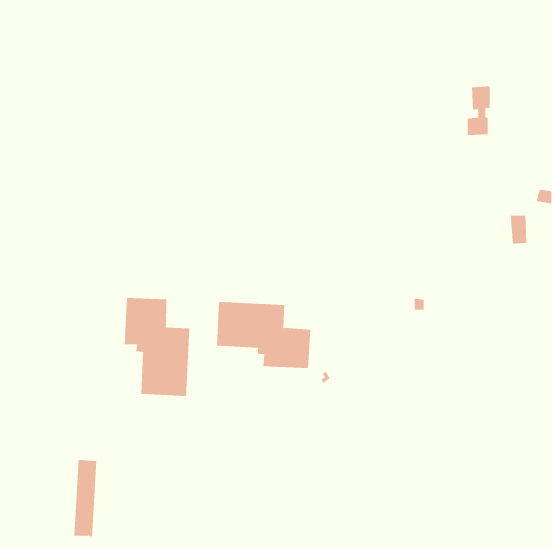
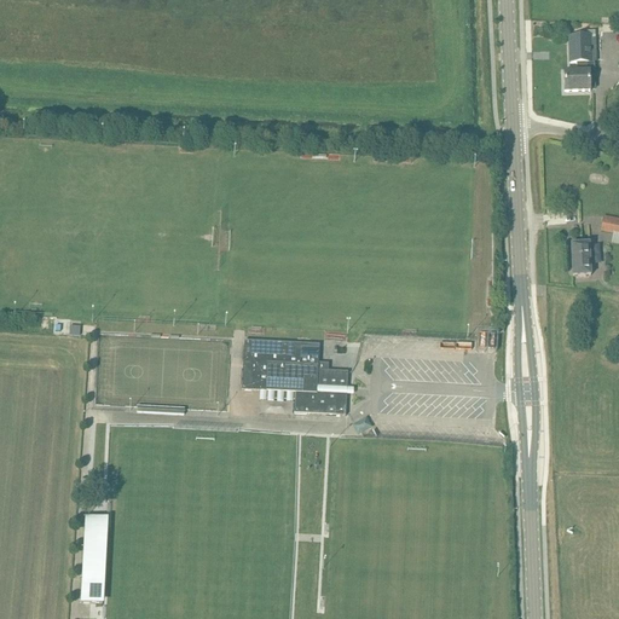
building: [467,86,491,136] -> [565,33,591,88]
building: [124,297,190,397] -> none

